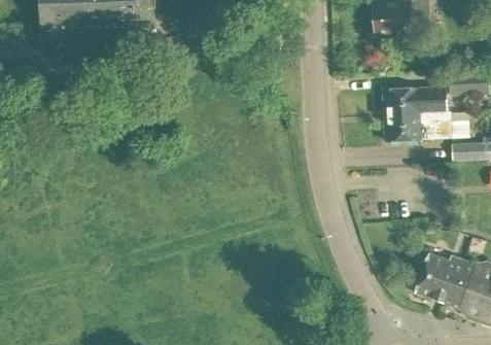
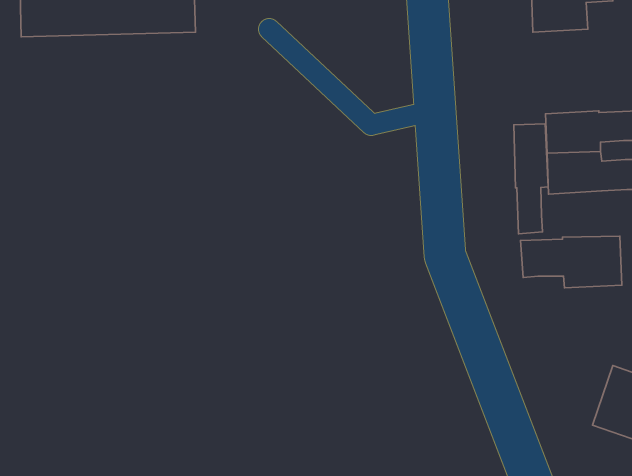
building: none -> [514,124,548,234]
building: none -> [520,236,622,288]

